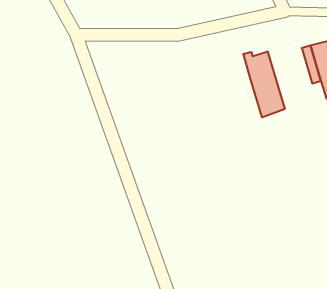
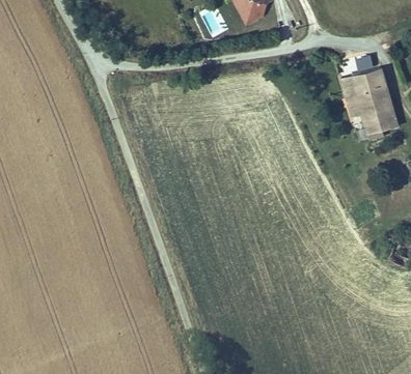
building: [243,51,285,117] -> none

